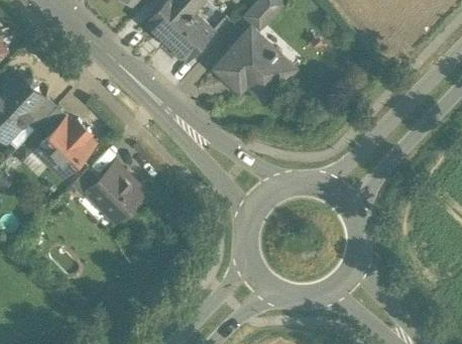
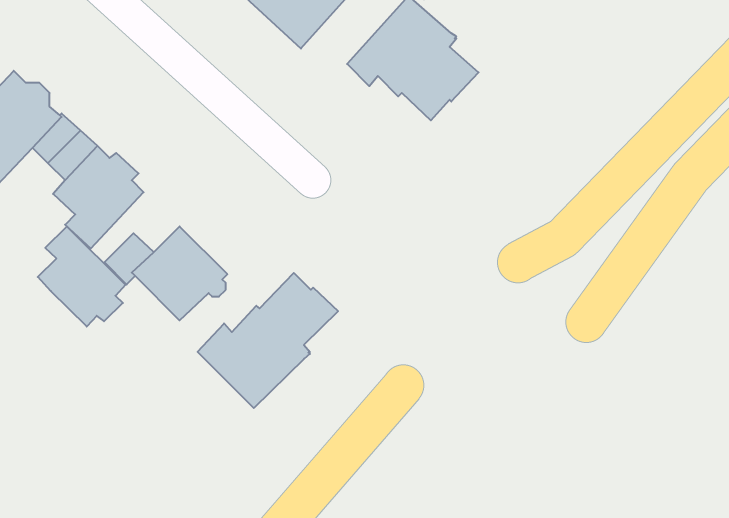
building: none -> [38,226,125,327]
building: none -> [198,273,338,408]

